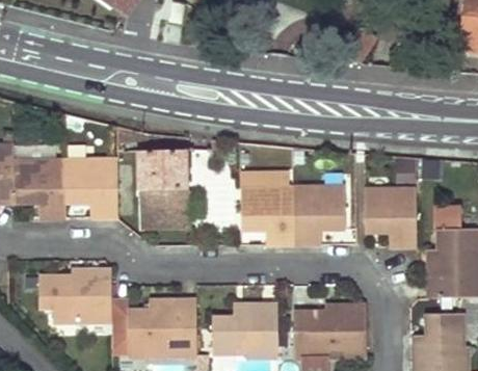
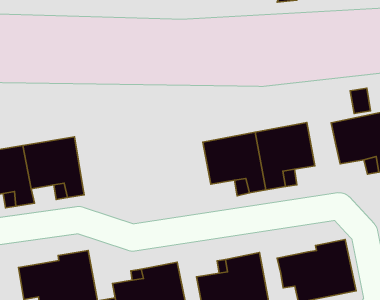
building: [135,151,185,228] -> none

